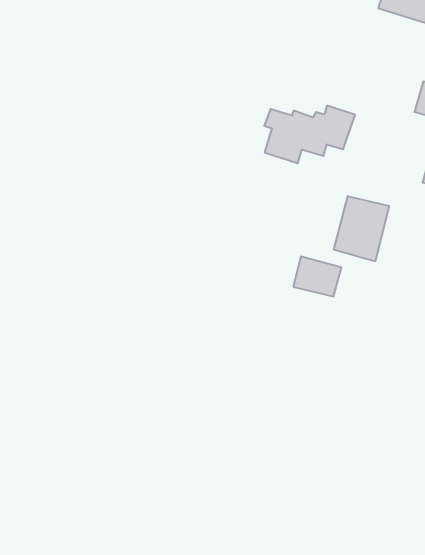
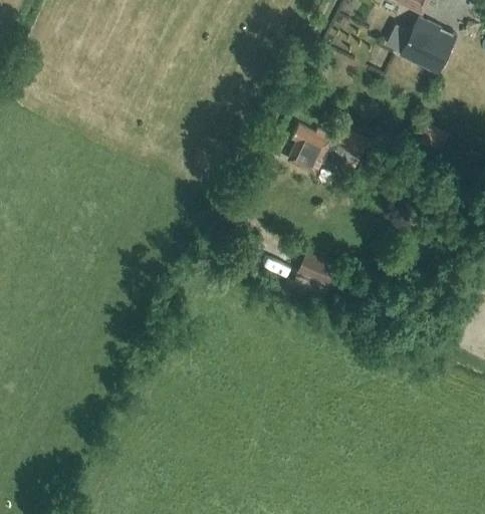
building: [334,196,389,261] -> none

